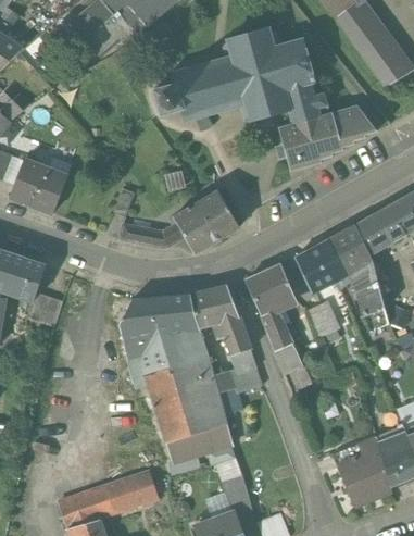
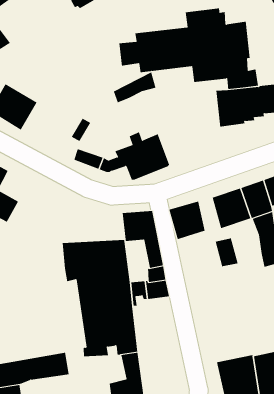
building: none -> [113,71,156,103]
building: [120,292,198,340] -> none
building: [261,308,311,391] -> none

